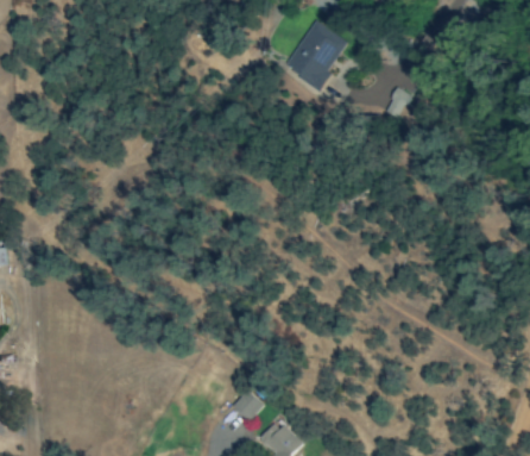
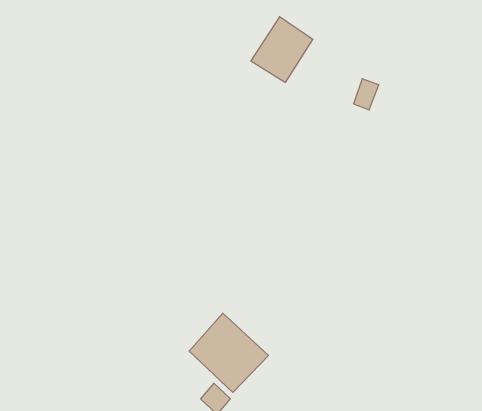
building: none -> [189,313,268,392]

